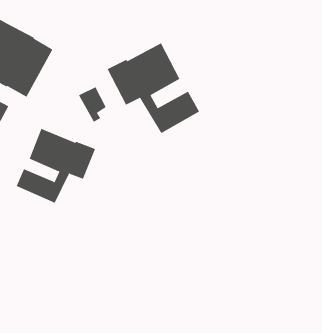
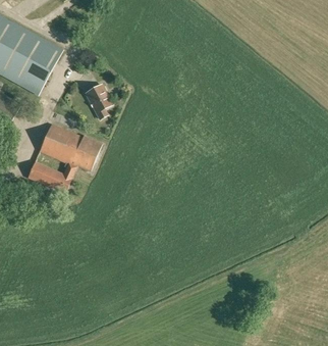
building: [107,42,200,134] -> none

